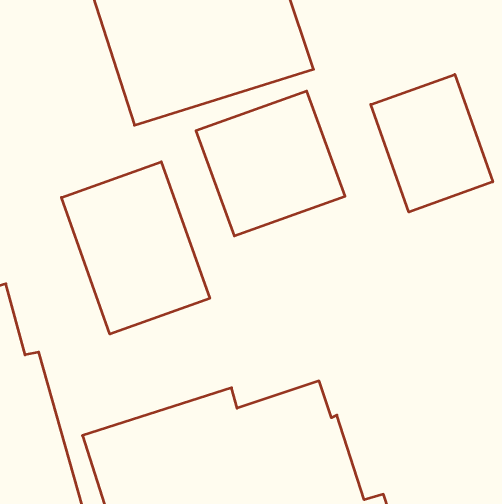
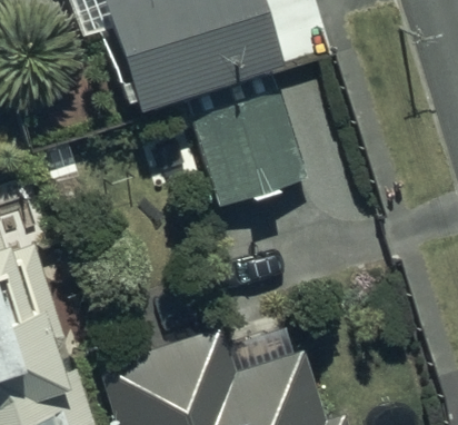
building: [371,74,493,212] -> none
building: [61,162,210,334] -> none

